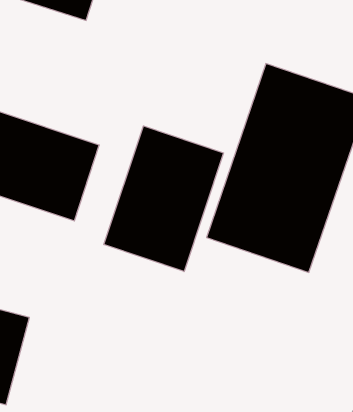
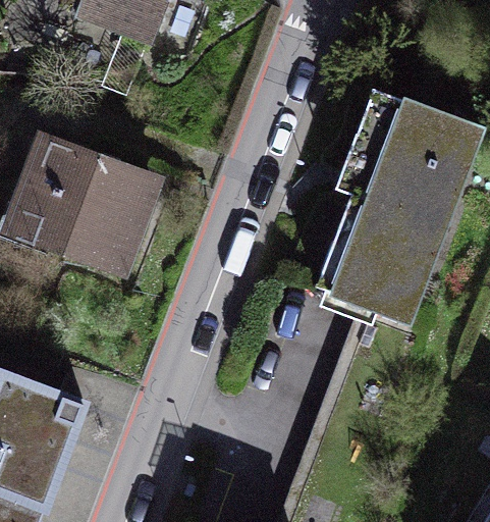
building: [104,126,224,272] -> none

